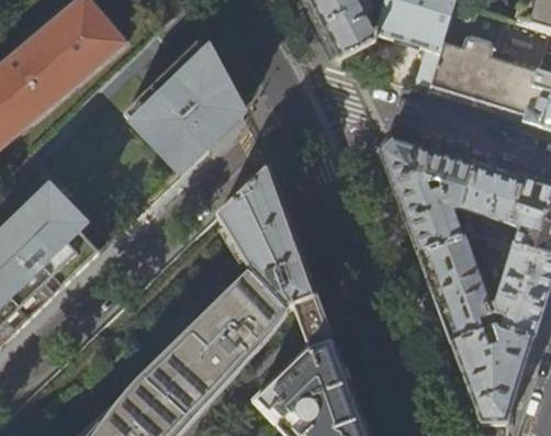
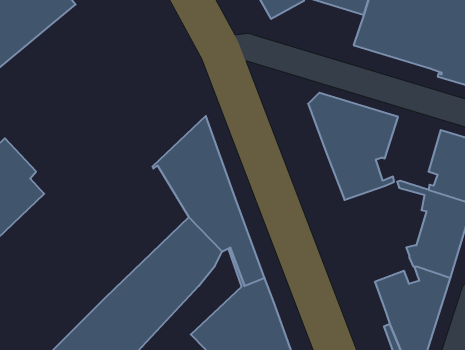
building: [123,43,235,167] -> none
building: [463,163,524,222] -> none
building: [419,237,495,342] -> none

